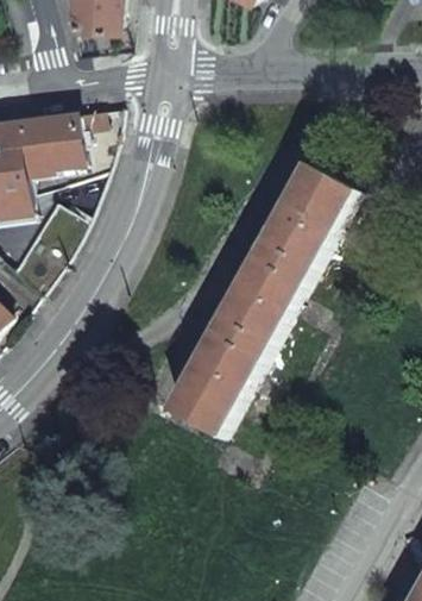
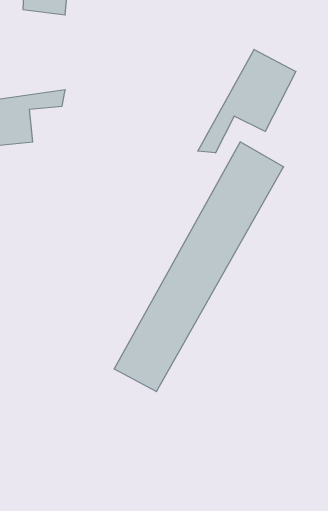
building: none -> [198,49,296,153]

